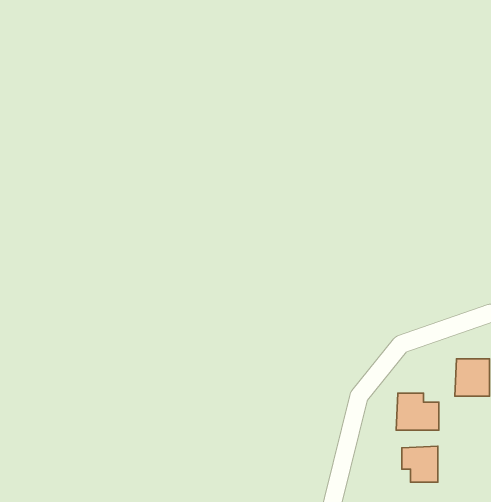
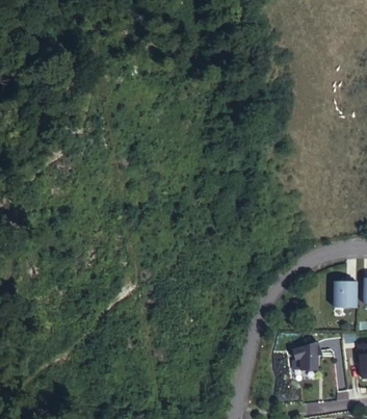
building: [396,393,439,430] -> none

